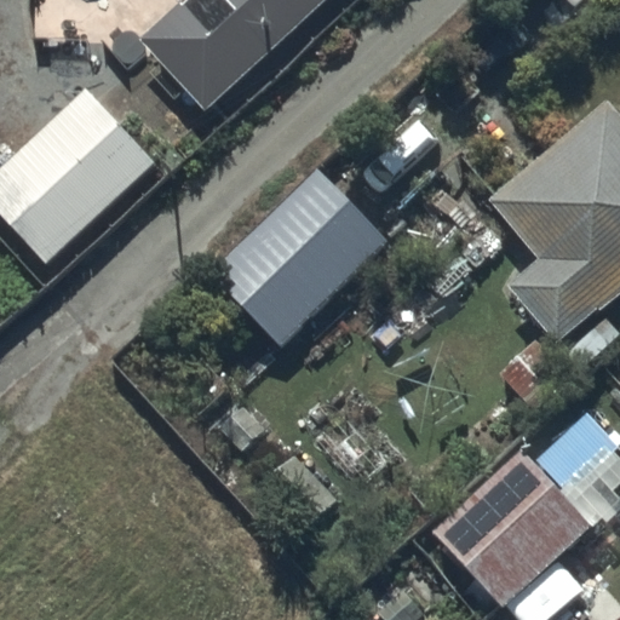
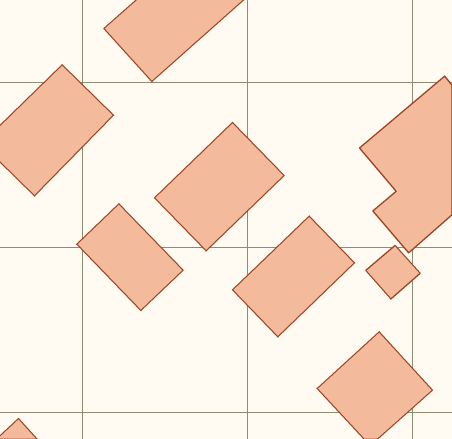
building: none -> [77,204,183,311]
building: none -> [233,216,355,337]

